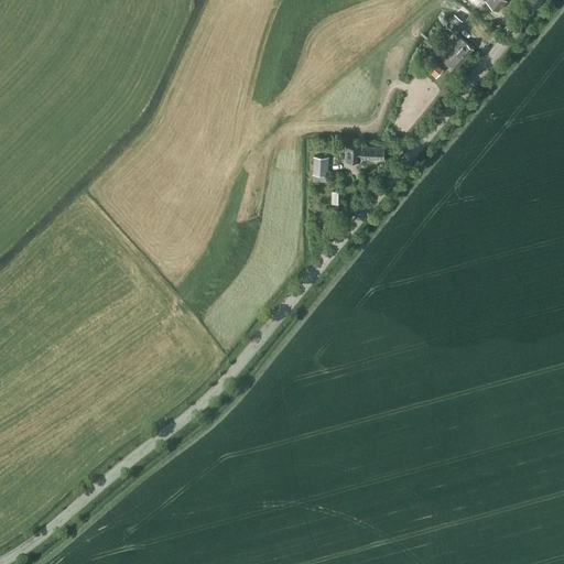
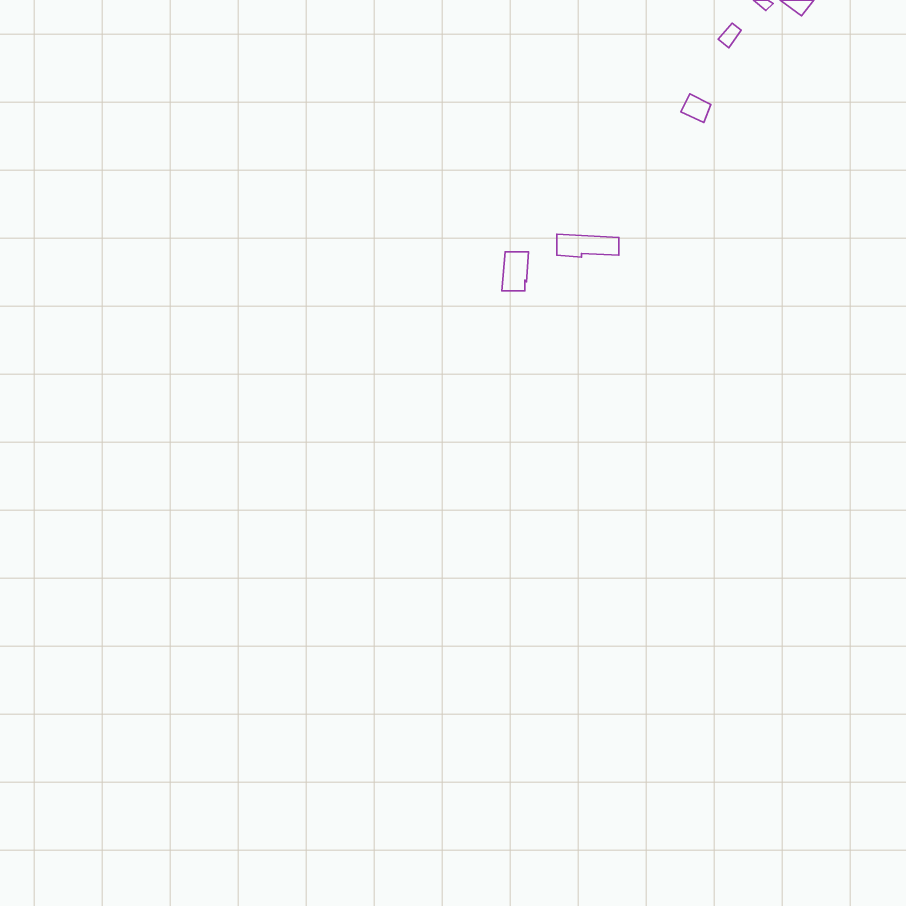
building: [445,36,474,70] -> none

